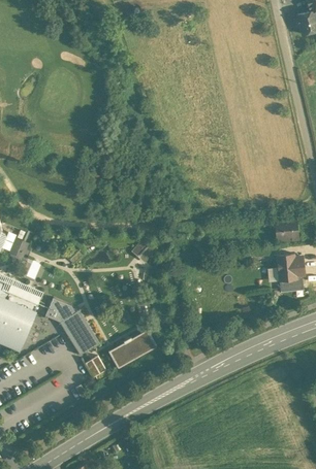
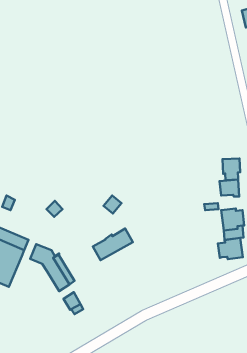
building: none -> [222,158,240,180]
building: none -> [218,238,243,259]
building: [107,330,156,368] -> [93,228,133,260]

